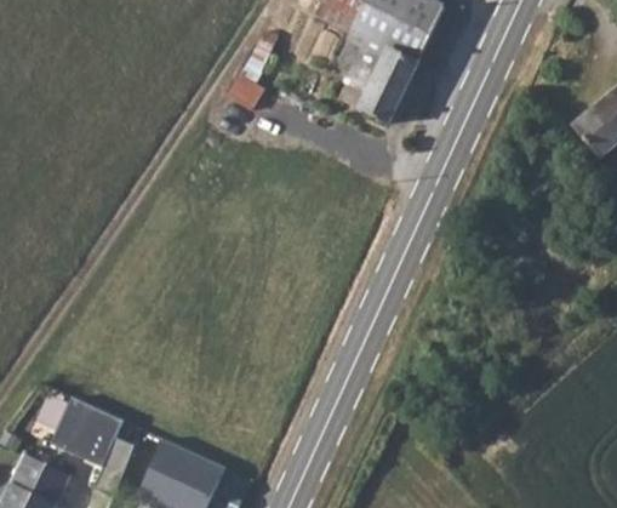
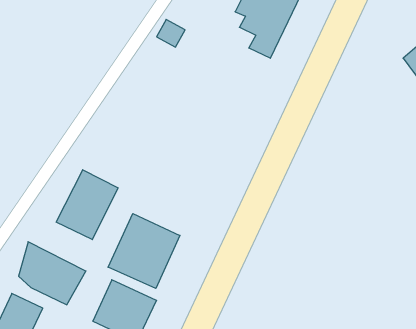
building: none -> [56,170,118,240]
building: none -> [108,214,180,288]

